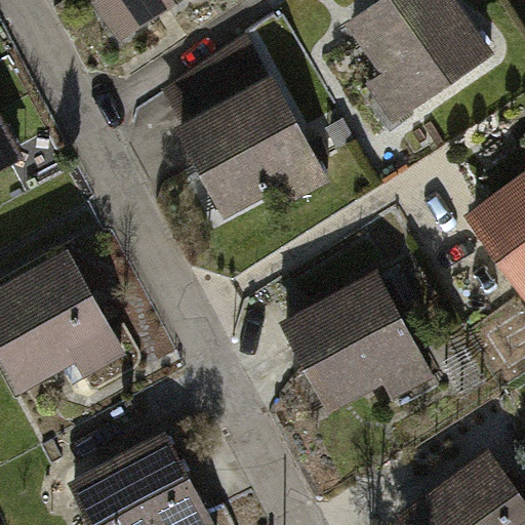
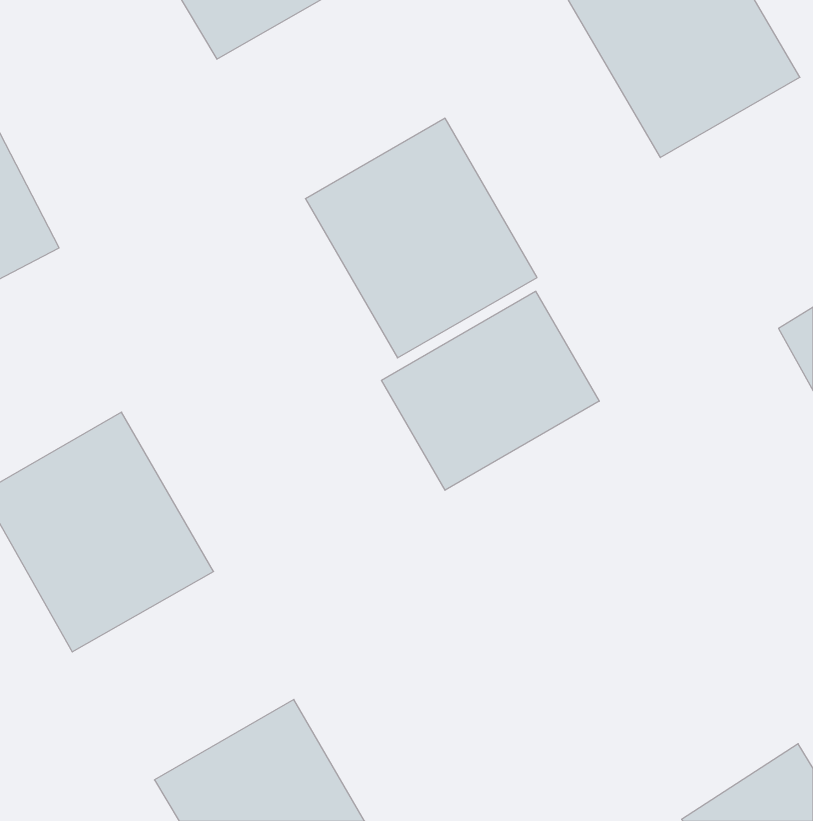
building: none -> [381,291,599,490]
building: [301,284,446,434] -> none

